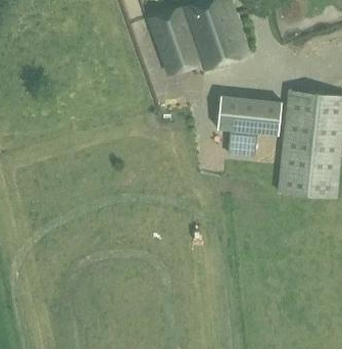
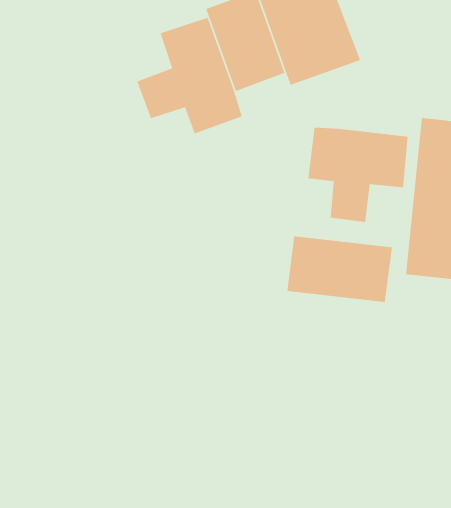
building: none -> [136,17,243,135]
building: none -> [286,236,393,303]

